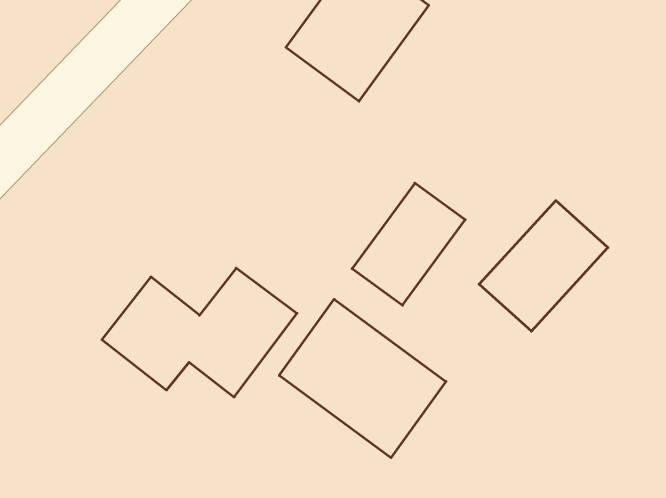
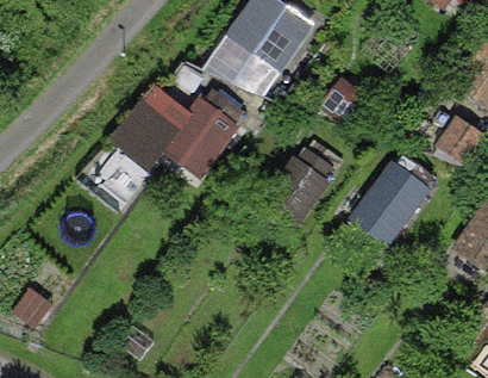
building: [102,268,297,397] -> [111,91,244,179]
building: [279,299,446,458] -> none

